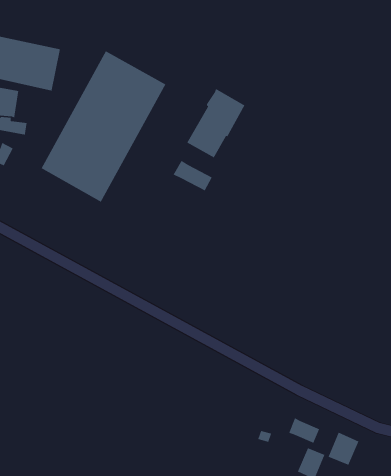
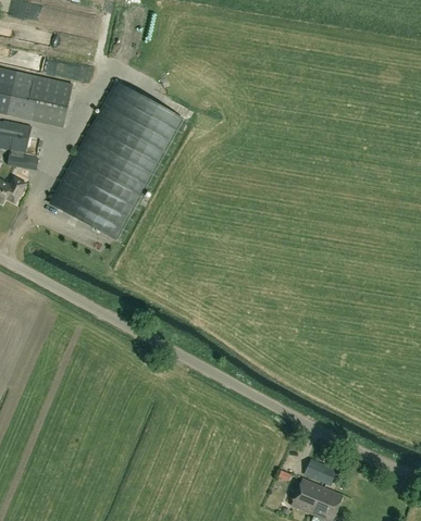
building: [186,88,245,159] -> none
building: [173,160,213,192] -> none
building: [328,432,360,466] -> [292,477,324,512]

